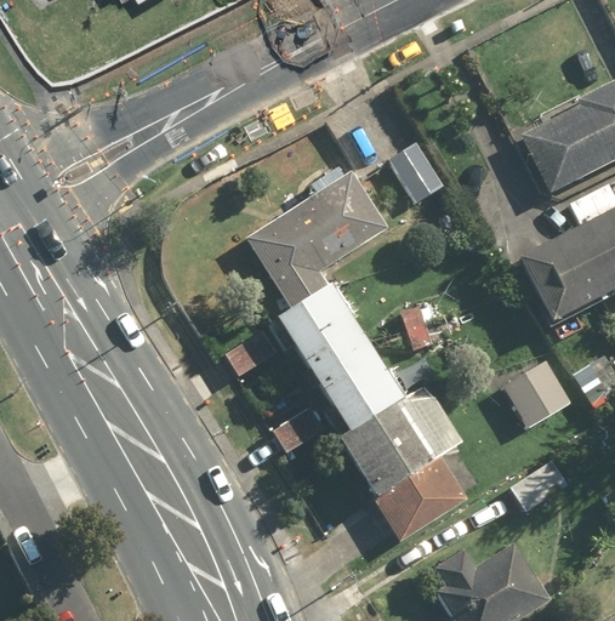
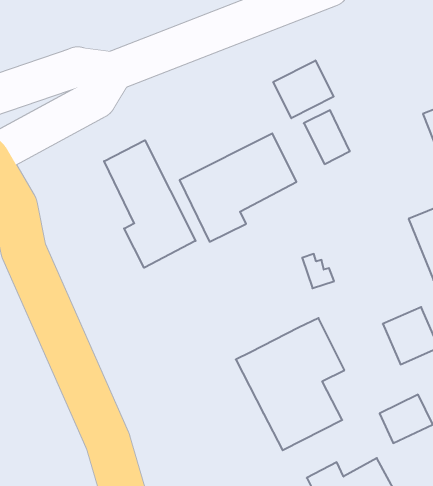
building: none -> [273,60,334,118]
building: none -> [104,140,196,268]
building: [266,283,405,432] -> none

